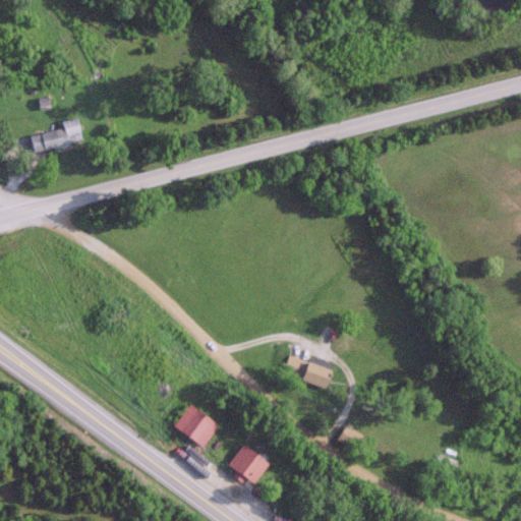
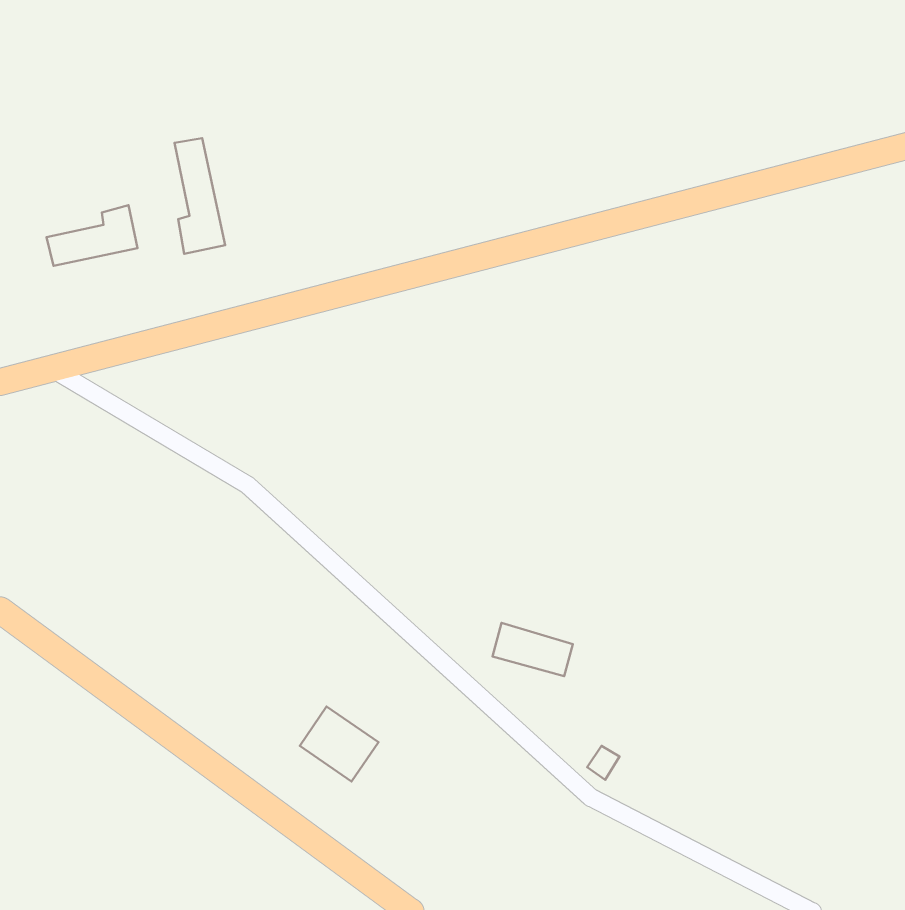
building: none -> [174,138,225,254]
building: [229,445,270,484] -> none

